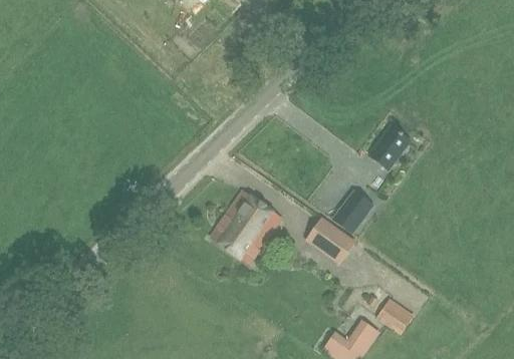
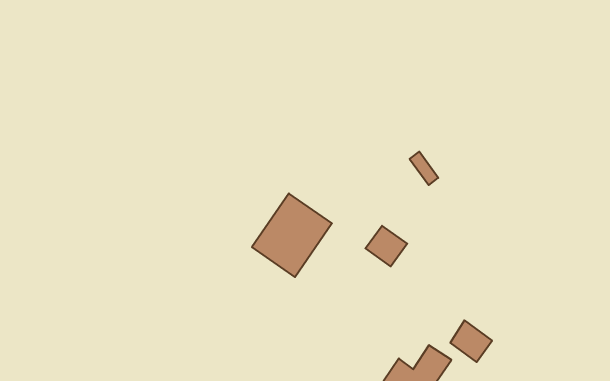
building: [366,122,413,170] -> none
building: [332,190,371,232] -> none

